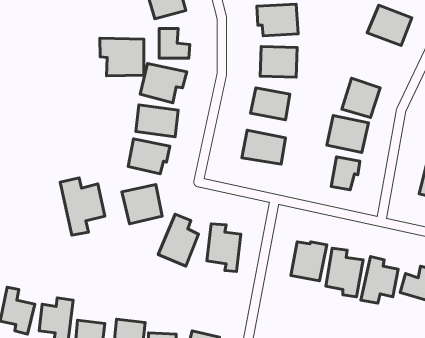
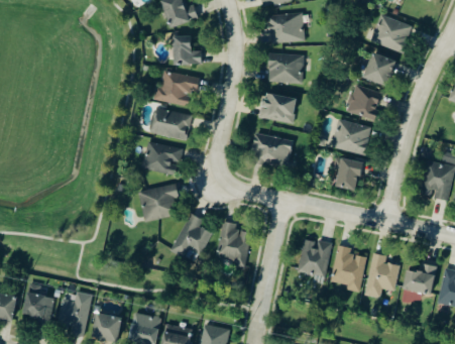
building: [100,38,144,76] -> none
building: none -> [362,52,395,87]
building: [60,178,105,235] -> none

